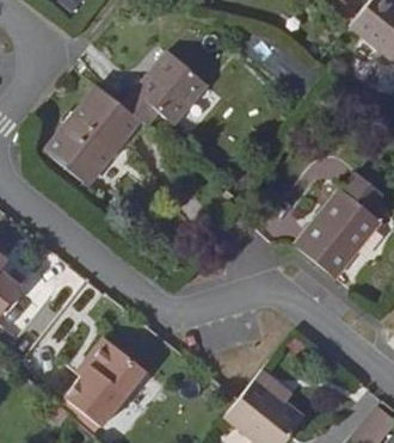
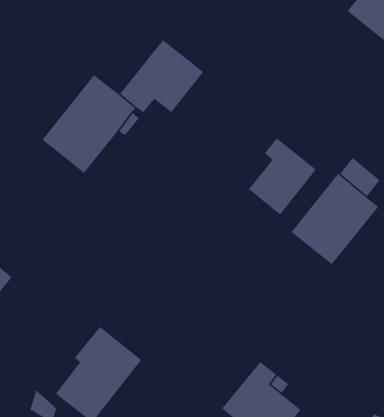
building: none -> [248,138,317,216]

